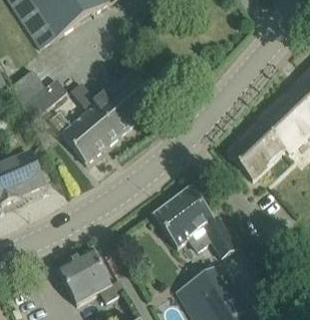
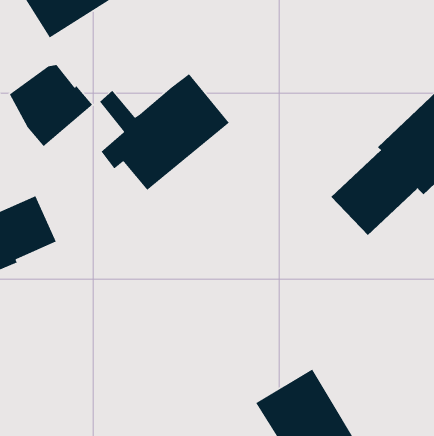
building: [50,111,103,164] -> none
building: [152,187,237,256] -> none
building: [56,249,124,304] -> none

